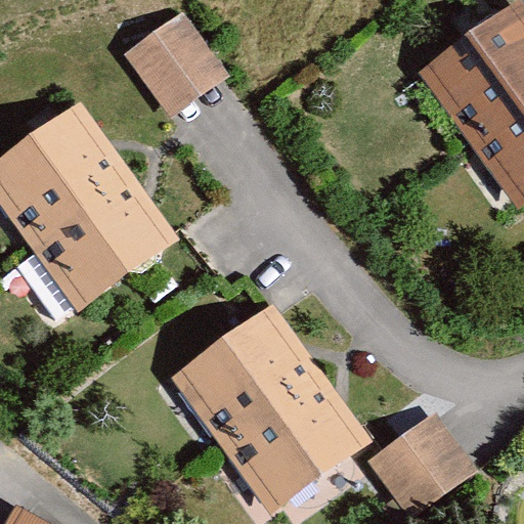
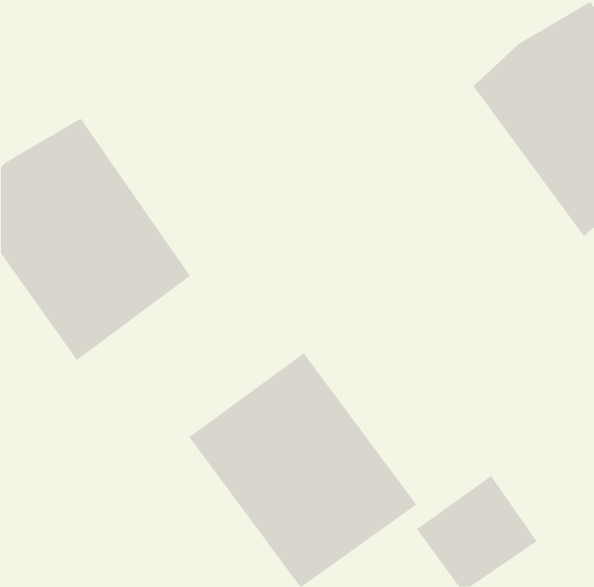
building: [127,11,228,114] -> none

